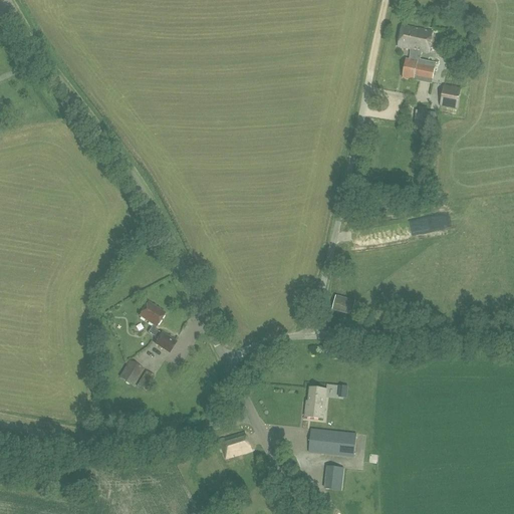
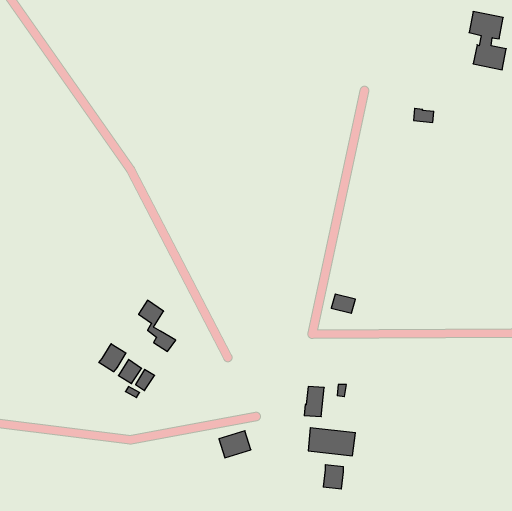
building: [398,24,435,82] -> [469,12,506,70]
building: [439,84,461,107] -> none
building: none -> [99,344,126,372]

